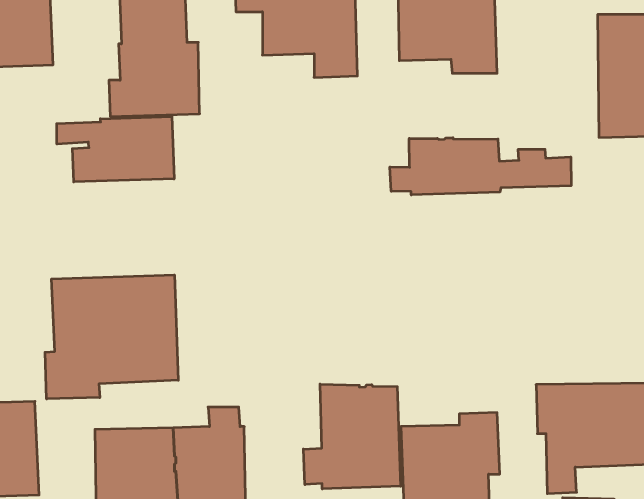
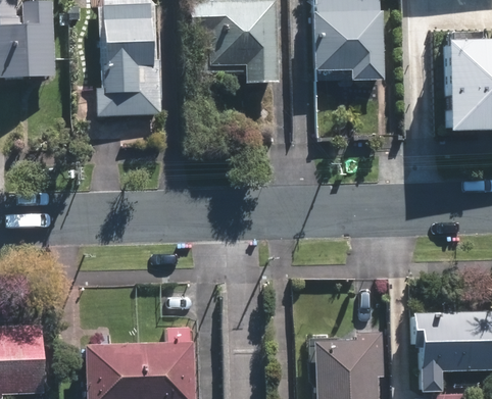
building: [57,117,174,182] -> none
building: [390,138,571,195] -> none
building: [45,275,178,399] -> none
building: [303,384,401,489] -> none

